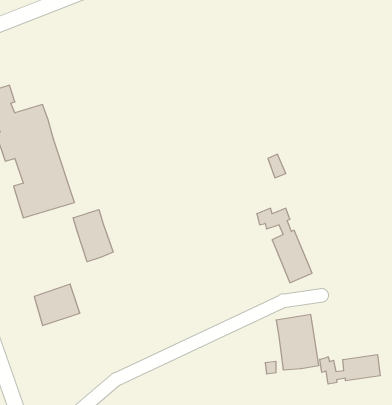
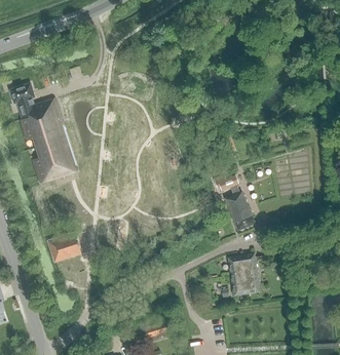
building: [73,210,113,262] -> none
building: [320,355,380,384] -> none

